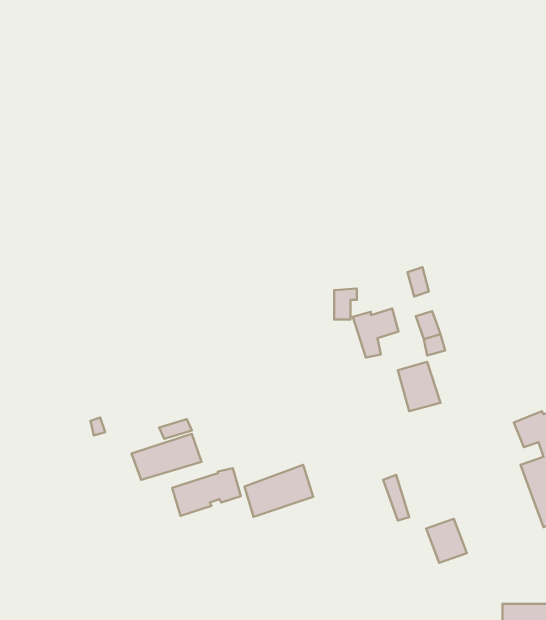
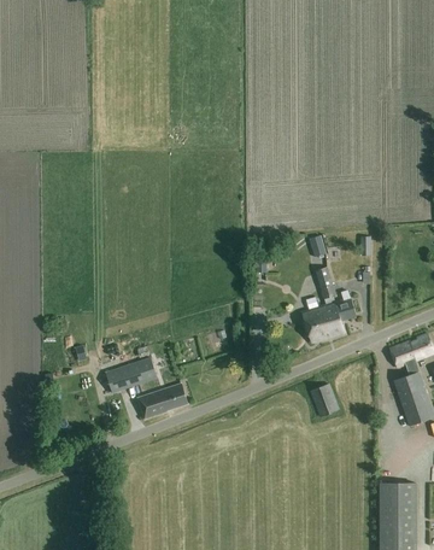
building: [353,309,399,358] -> [324,299,358,335]
building: [244,465,313,517] -> none
building: [426,519,467,563] -> [310,385,340,417]

